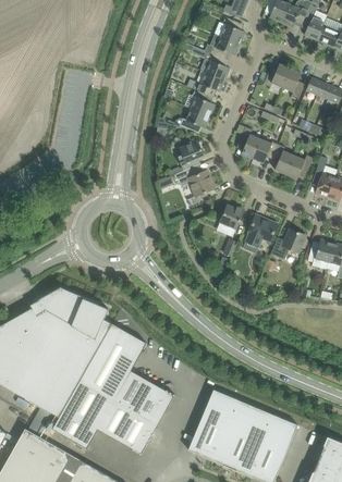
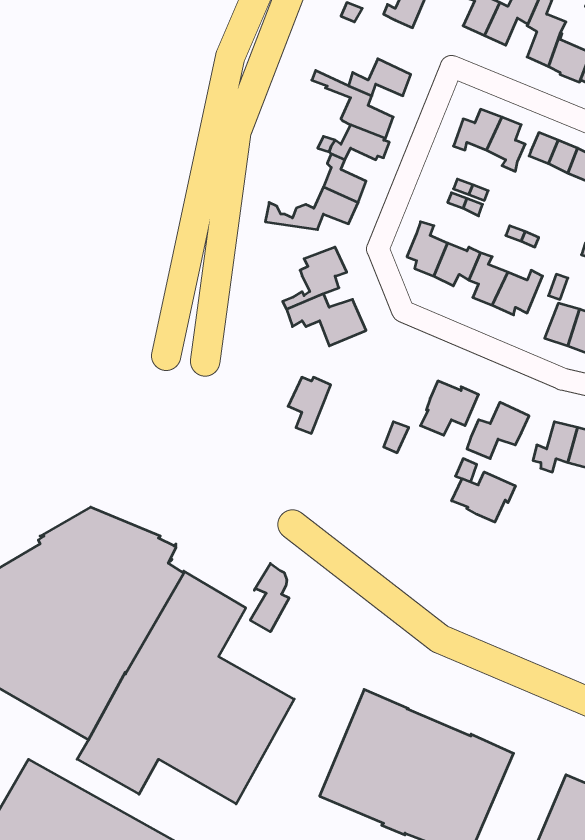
building: [215,16,245,45] -> none
building: [220,206,244,237] -> [288,377,331,433]
building: none -> [452,472,515,522]
building: none -> [250,563,289,632]

